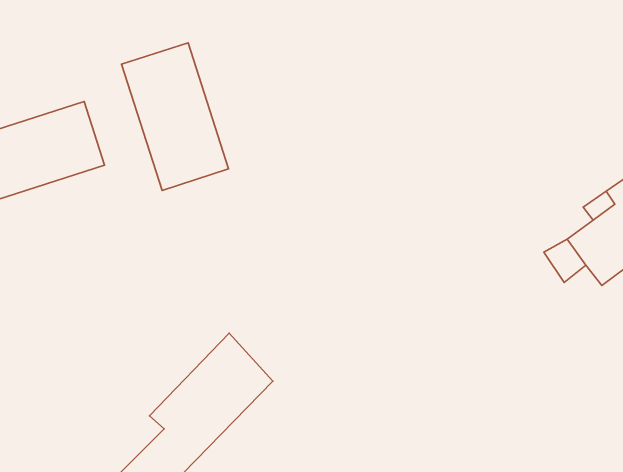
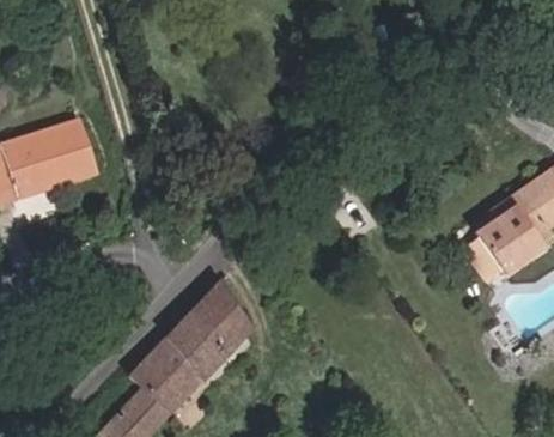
building: [122,43,229,190] -> none
building: none -> [200,281,254,347]

